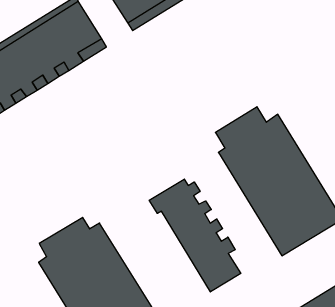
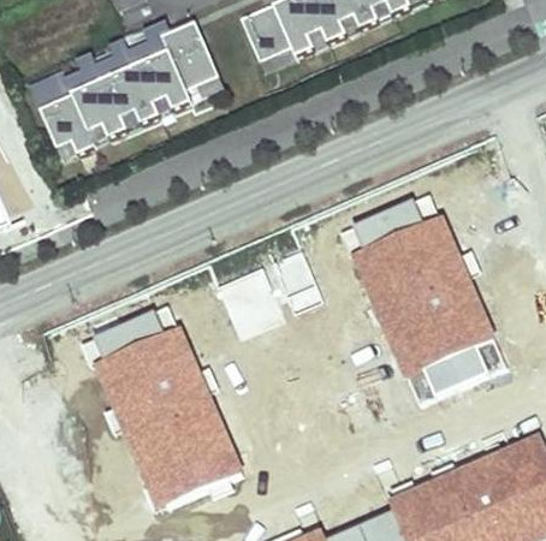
building: [149,179,241,292] -> none

